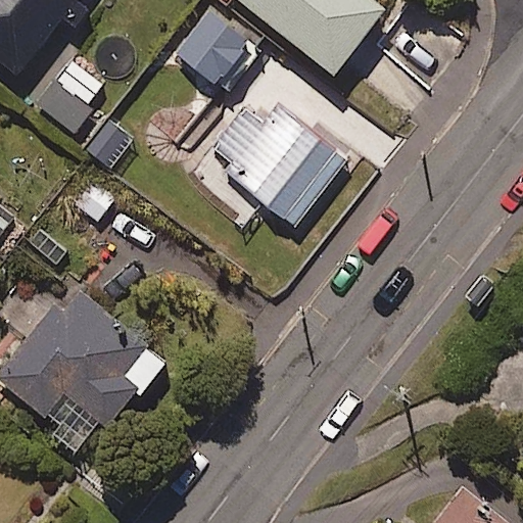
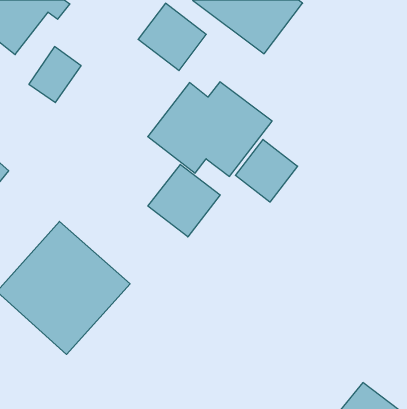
building: none -> [235,139,298,202]
building: none -> [148,164,220,237]

